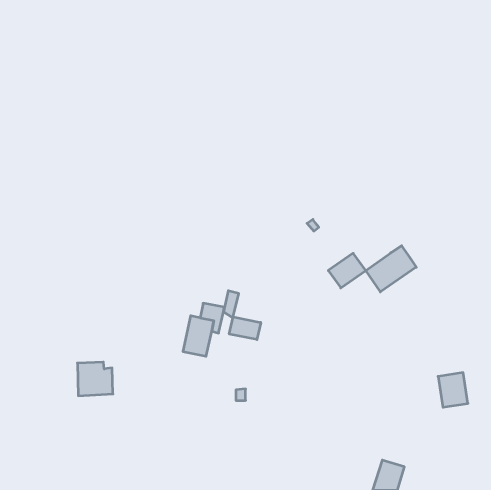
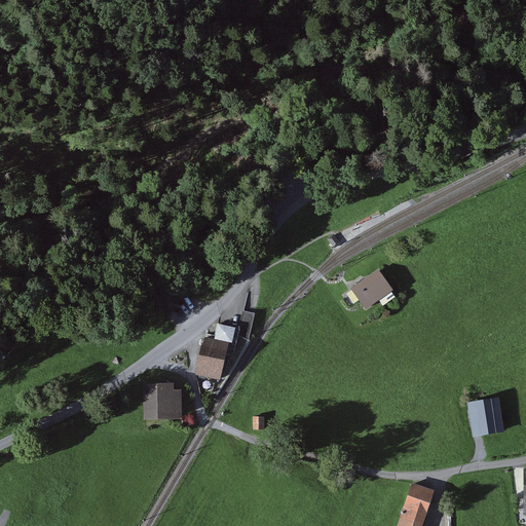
building: [366,246,416,292] -> none
building: [229,317,261,340] -> none
building: [77,362,113,396] -> [143,384,181,420]

